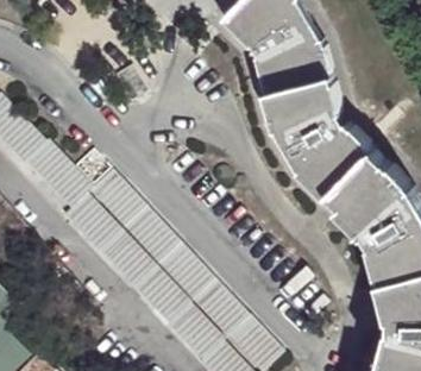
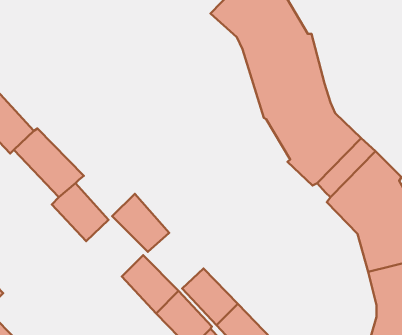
building: [84,166,140,224] -> none
building: [92,227,149,284] -> none
building: [153,240,209,296] -> none

